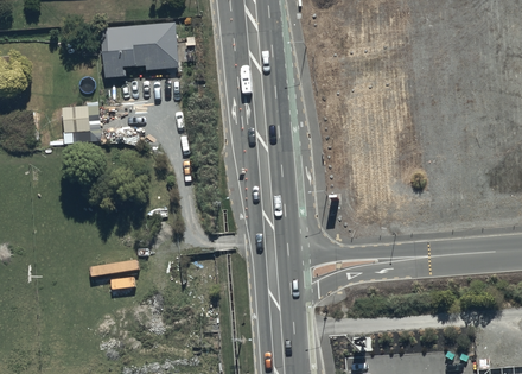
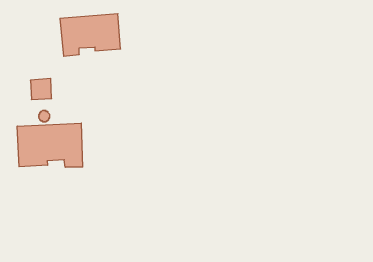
building: none -> [17,123,83,167]

